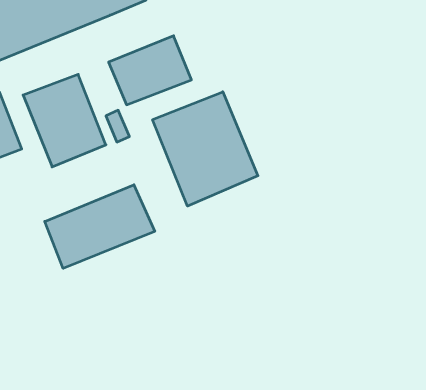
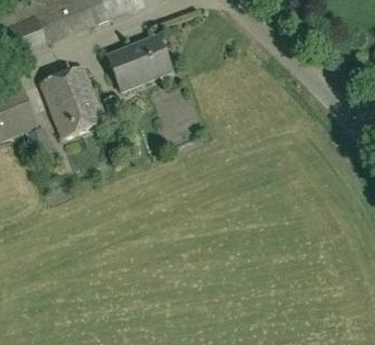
building: [153,92,258,206] -> none
building: [45,185,155,268] -> none

